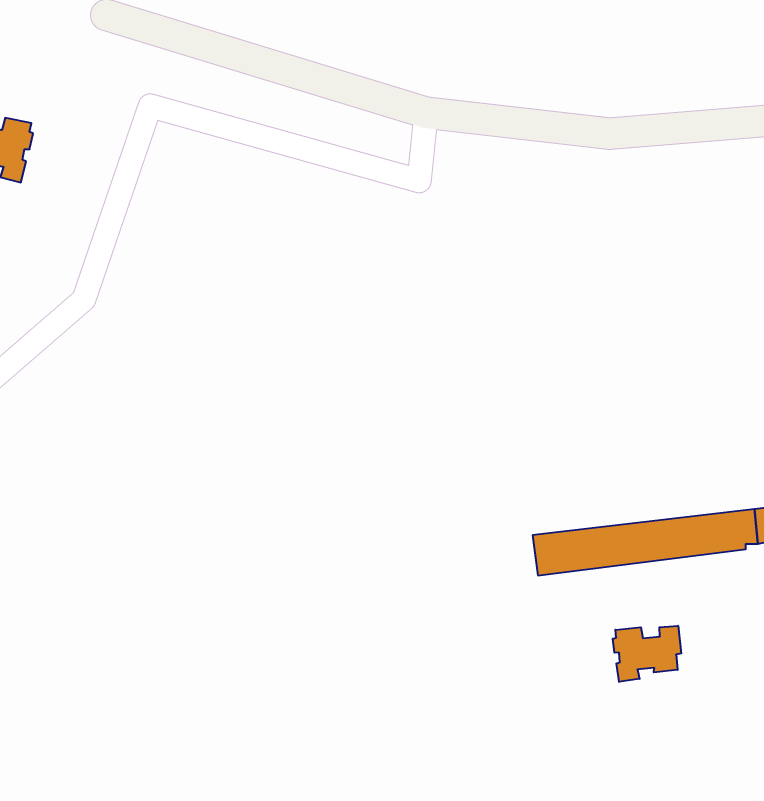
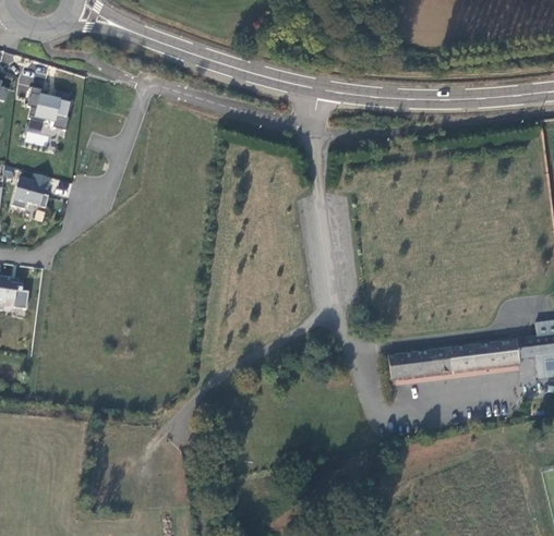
building: [613,626,681,682] -> none

